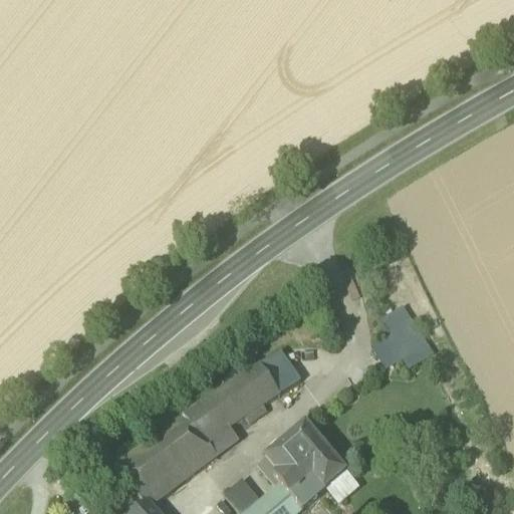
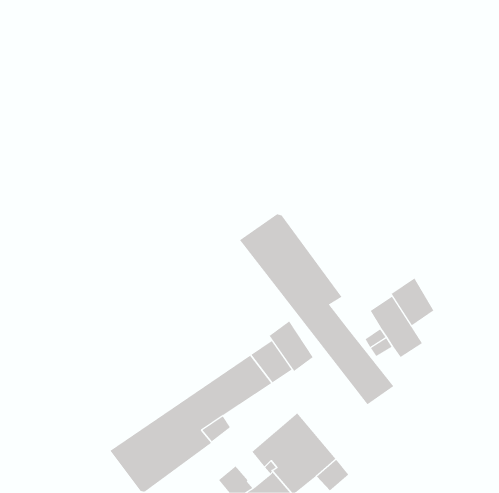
building: none -> [239,213,394,405]
building: none -> [391,277,434,326]
building: none -> [269,321,313,372]

